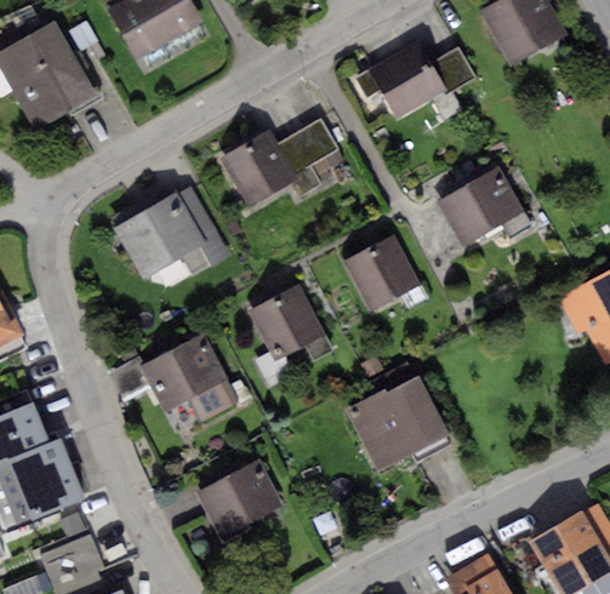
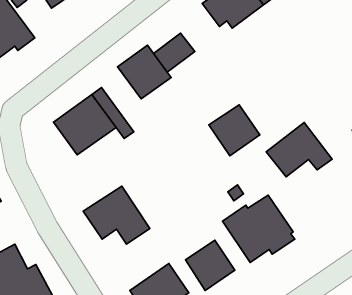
building: [435,166,532,244] -> [266,123,332,177]
building: [249,285,332,361] -> none
building: none -> [185,240,235,290]

